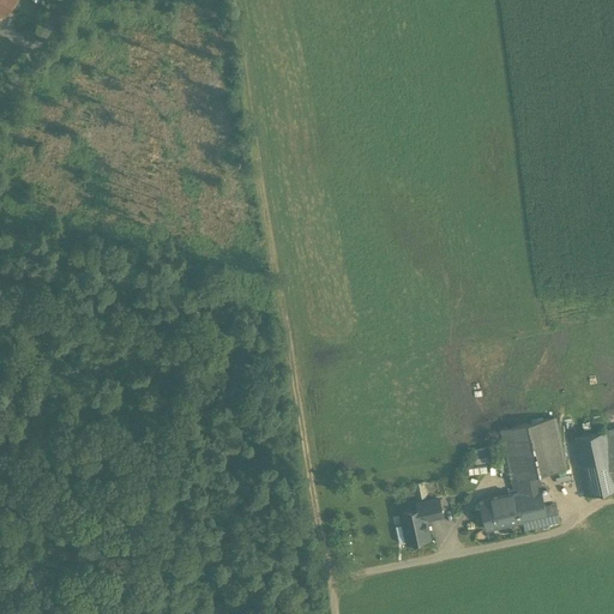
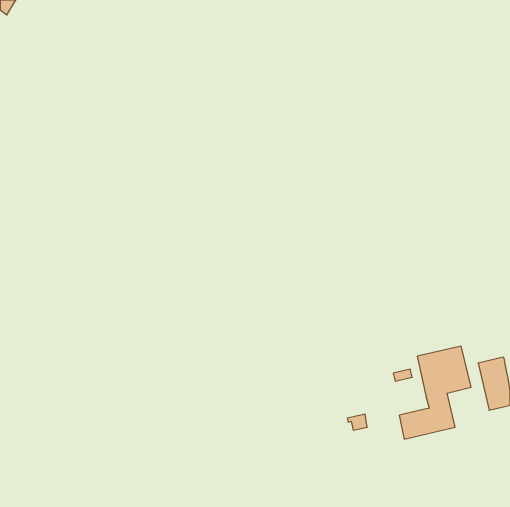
building: [401,510,429,544] -> none

